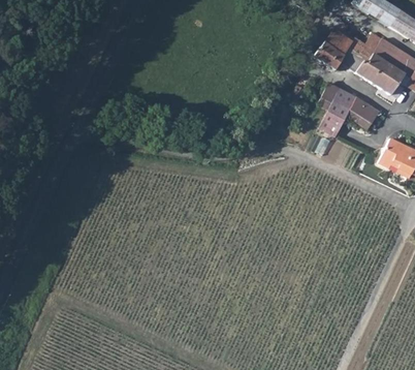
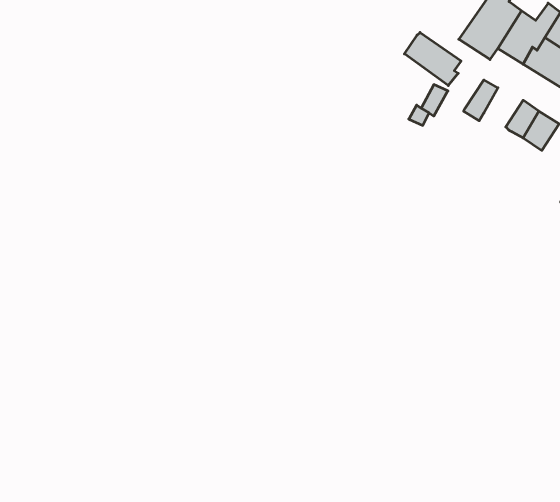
building: none -> [404,32,461,86]
building: [319,103,348,134] -> none

